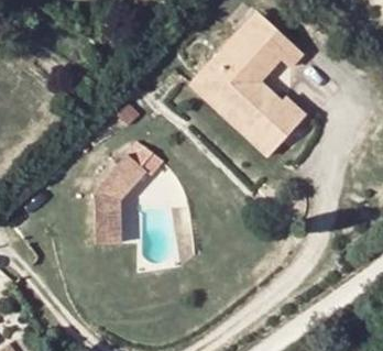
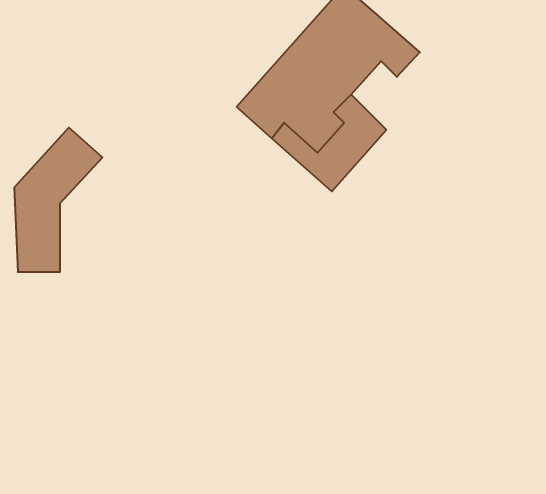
building: [248,95,306,156] -> none
building: [94,155,149,245] -> [14,128,102,272]

